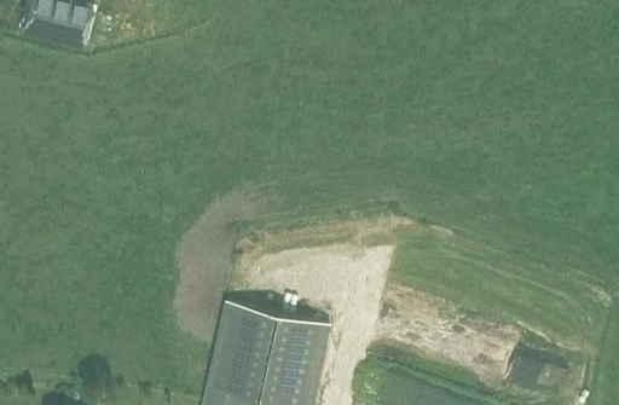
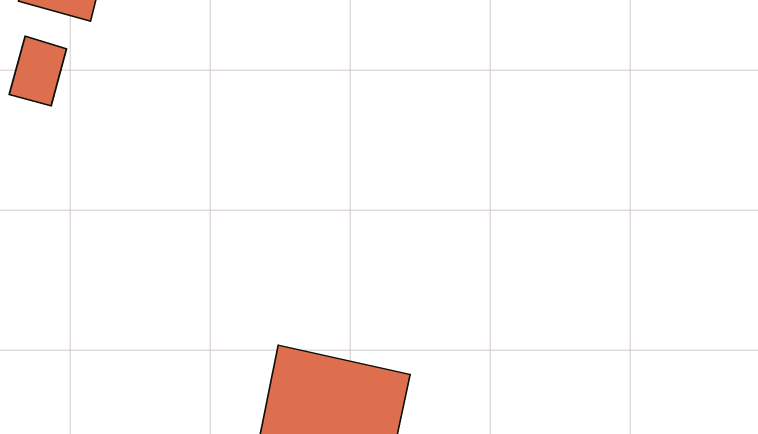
building: none -> [9,36,66,106]

